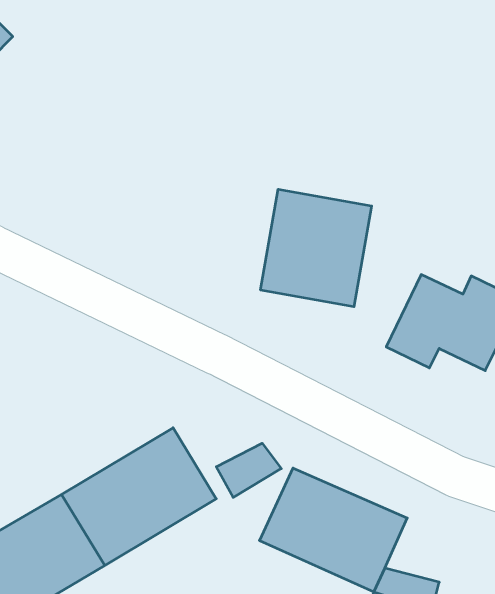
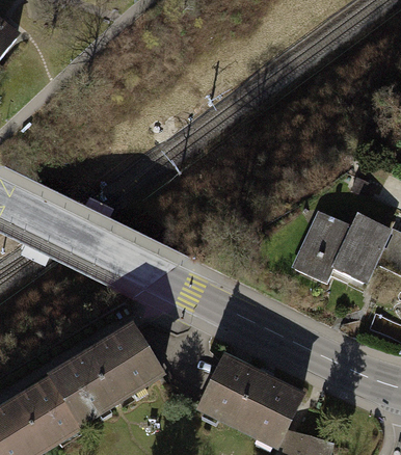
building: [261,189,372,307] -> none
building: [216,443,281,497] -> none

